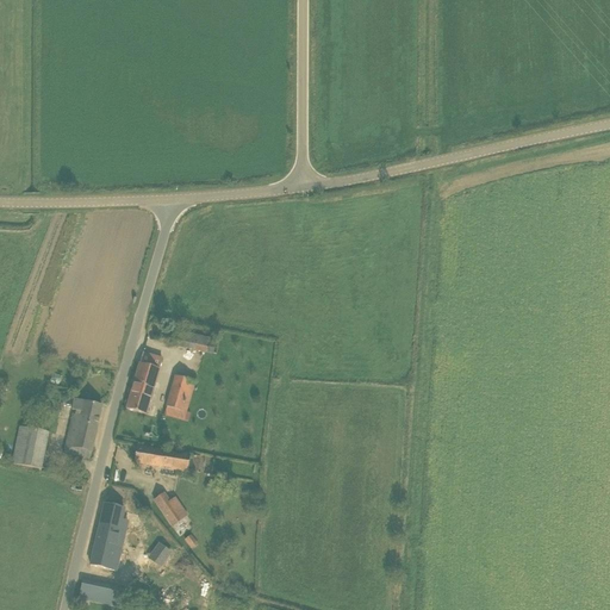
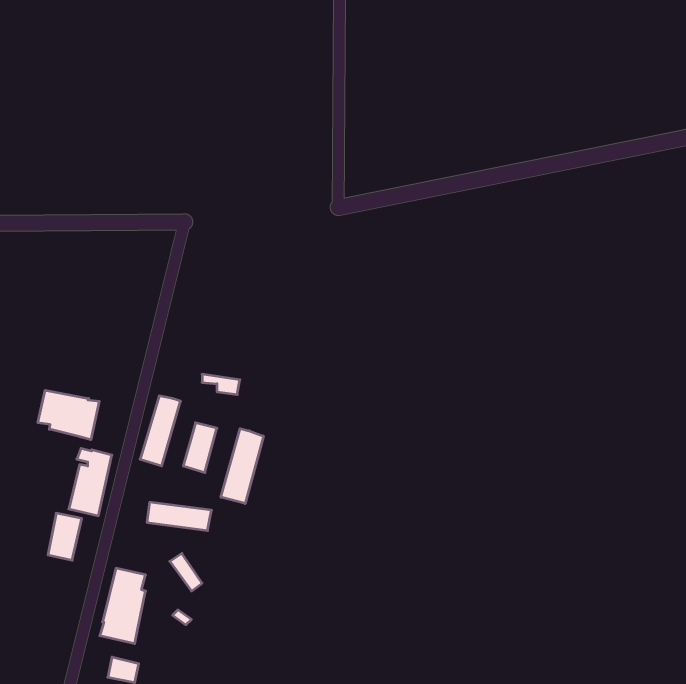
building: none -> [38,390,99,440]
building: none -> [221,429,263,504]
building: [17,425,46,467] -> [48,513,82,560]

